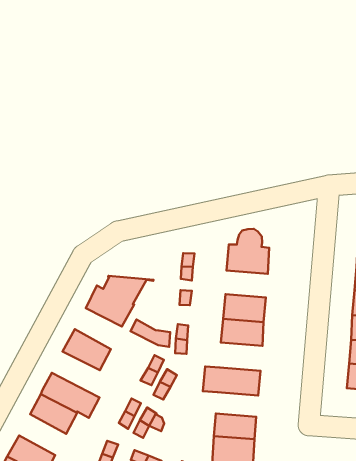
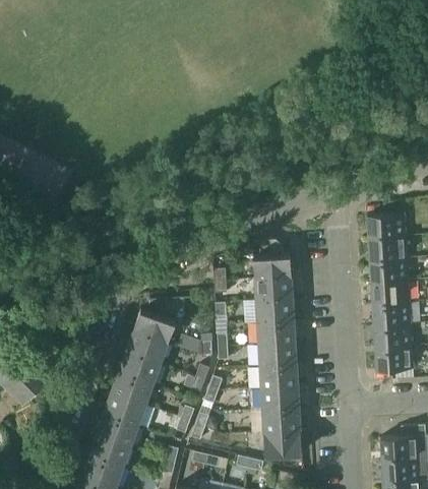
building: none -> [254,279,293,302]
building: none -> [126,331,168,365]
building: none -> [258,344,297,368]
building: none -> [111,373,154,406]
building: none -> [261,388,299,410]
building: none -> [89,433,131,467]

